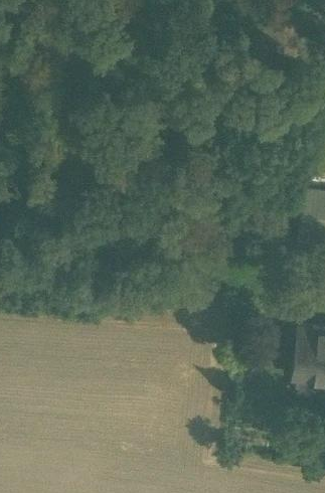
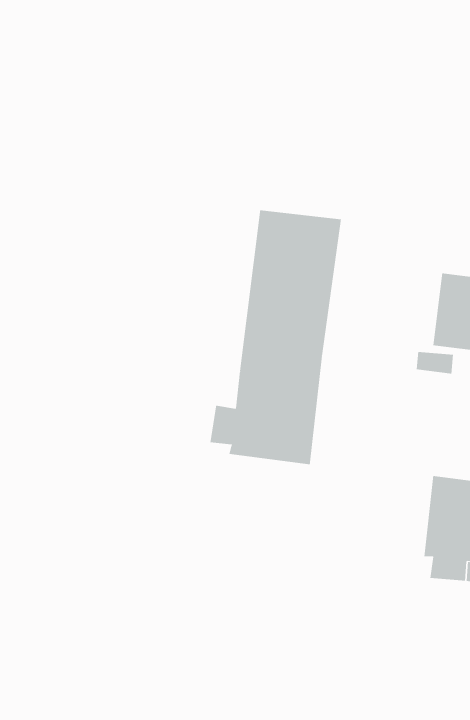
building: none -> [210,209,341,465]

